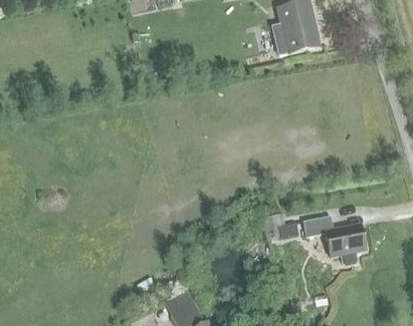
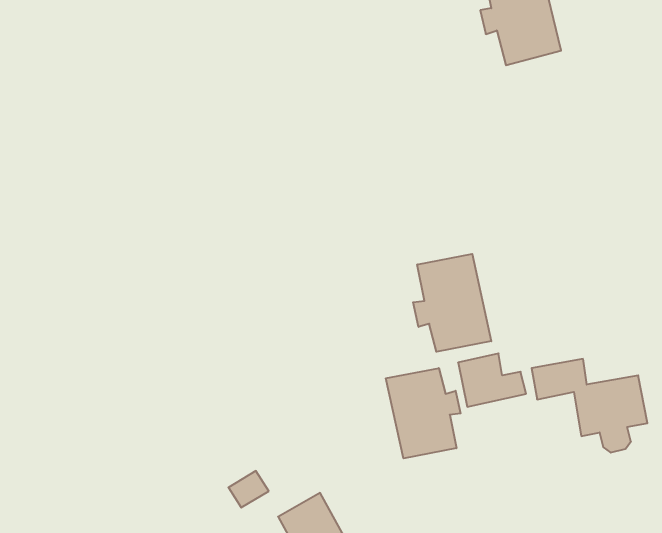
building: none -> [413,254,491,352]
building: none -> [386,368,461,458]

